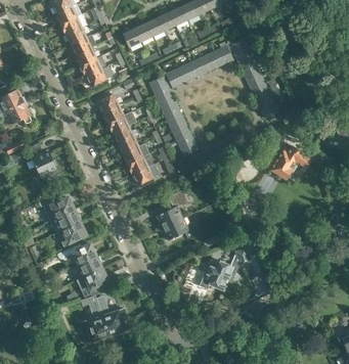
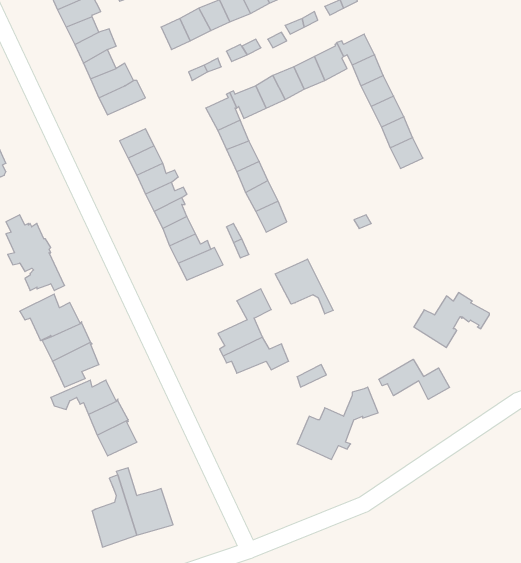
building: [265,146,310,179] -> [414,293,489,348]
building: none -> [275,259,333,314]
building: none -> [379,359,450,399]

